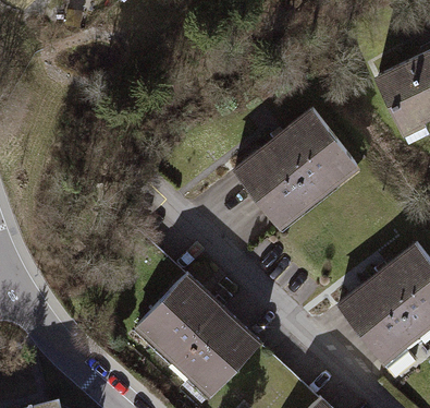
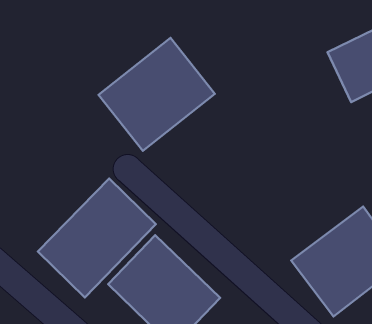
building: [231,106,359,231] -> [99,38,215,151]
building: none -> [38,178,156,298]

